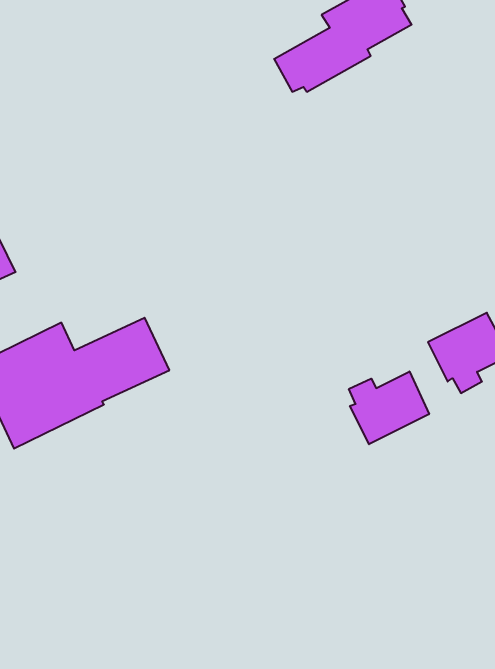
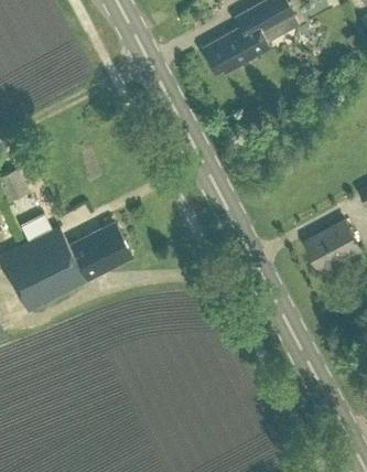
building: [349,371,429,444] -> none

